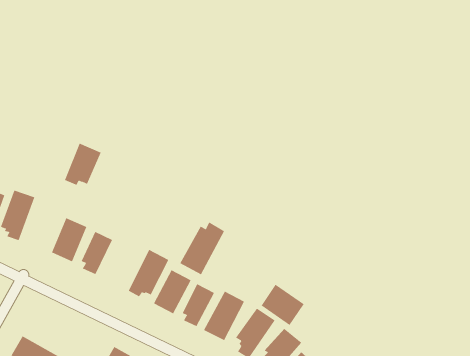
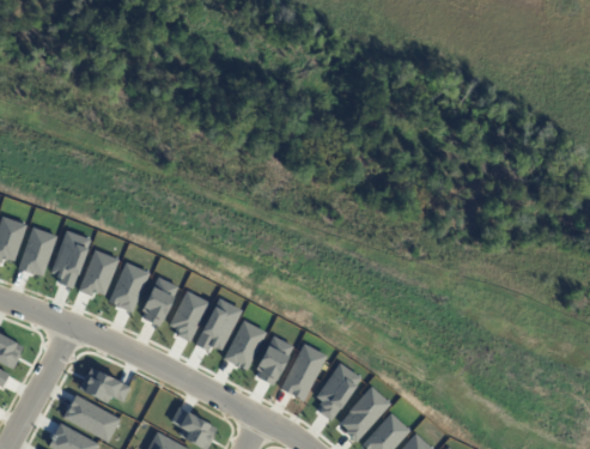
building: [64,143,101,186] -> [78,248,120,296]
building: [180,221,225,275] -> none
building: none -> [169,290,209,341]
building: [261,284,304,326] -> none
building: none -> [79,366,130,402]

